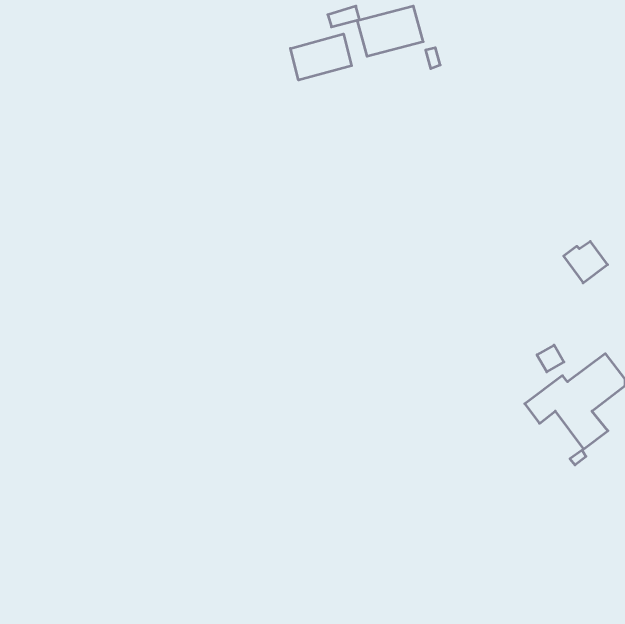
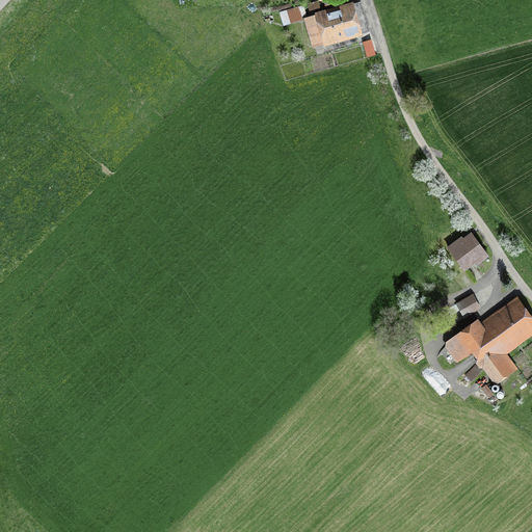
building: [290,34,352,80] -> none
building: [564,241,608,283] -> [448,233,485,268]

